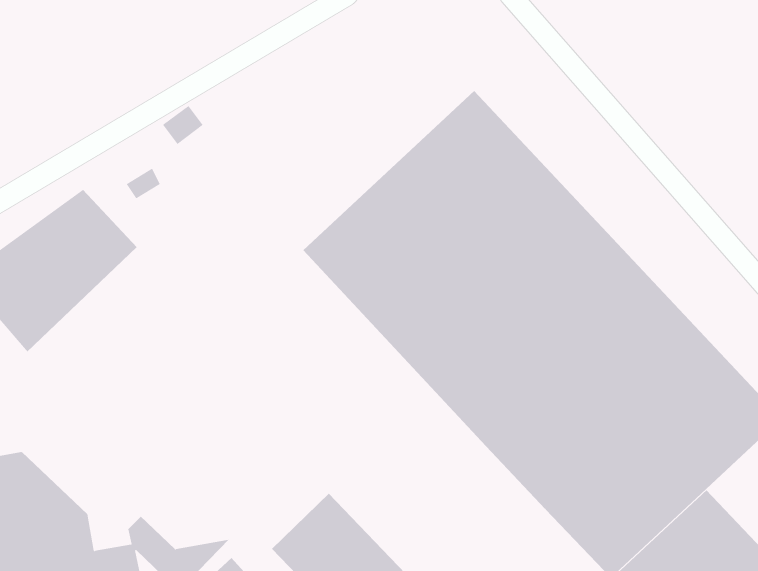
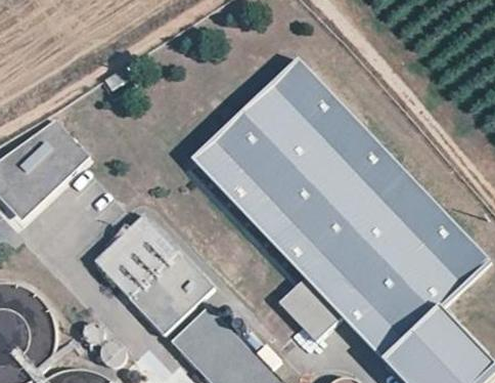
building: none -> [94,215,213,335]
building: none -> [279,278,342,340]

